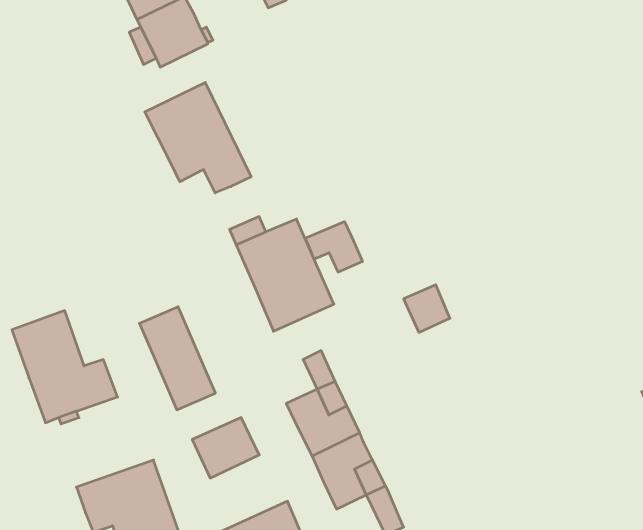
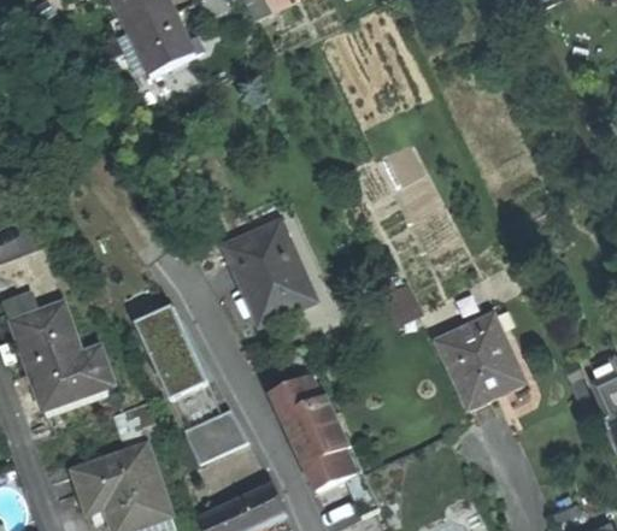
building: [145,82,251,193] -> none
building: [305,222,362,272] -> none
building: none -> [435,314,523,408]

